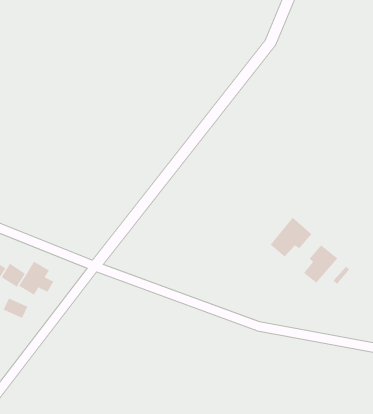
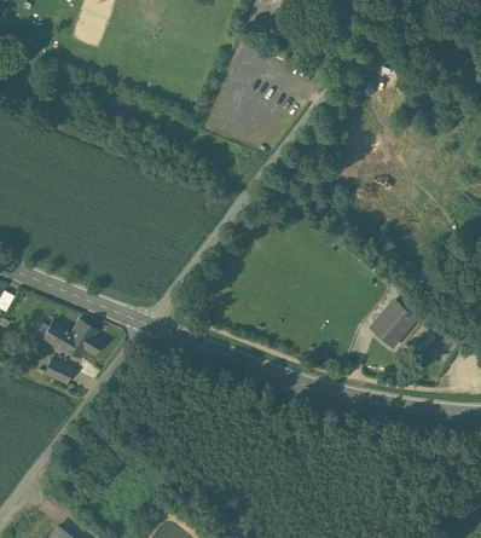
building: [270,217,312,258] -> none

